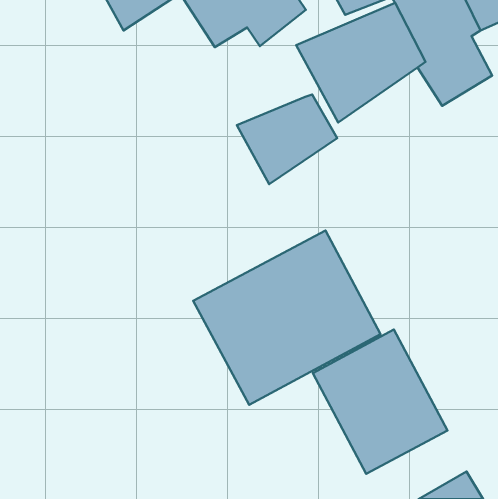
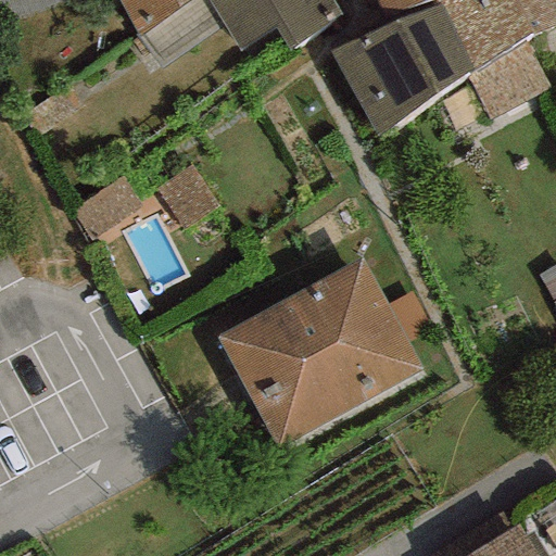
building: [237,94,337,184] -> none
building: [313,330,448,474] -> none

